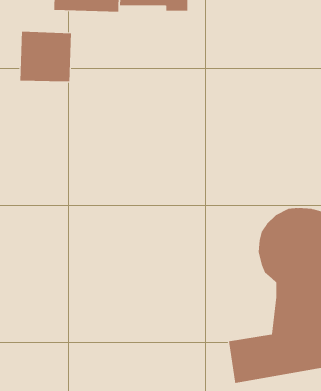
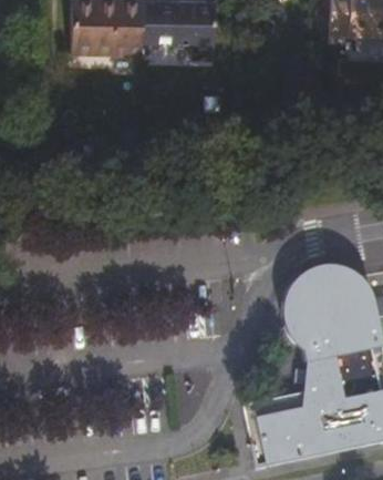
building: [20,31,71,82] -> none

